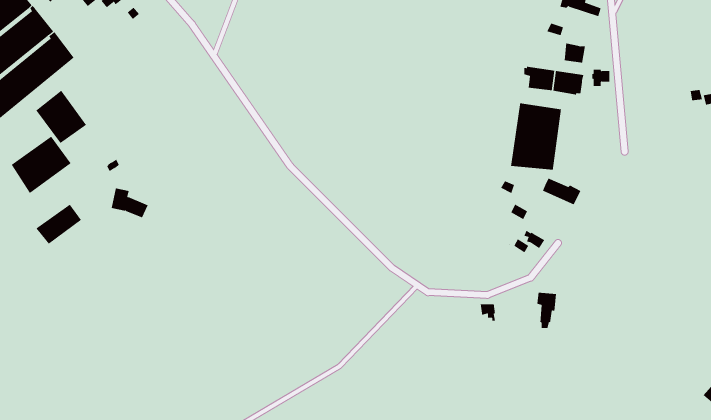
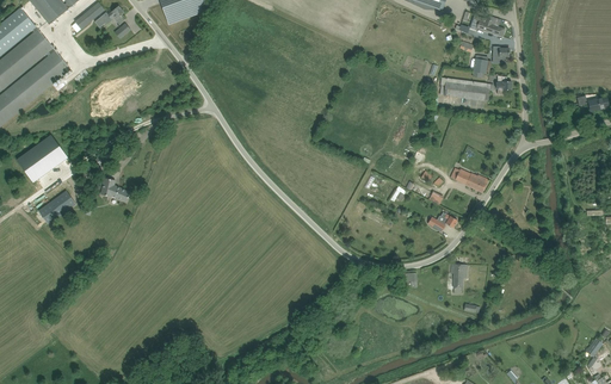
building: [35,90,87,144] -> none
building: [511,103,561,170] -> none

